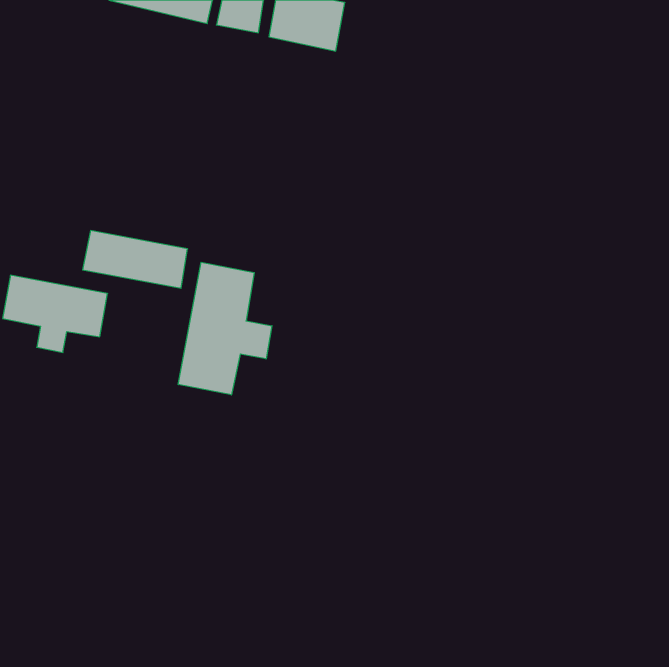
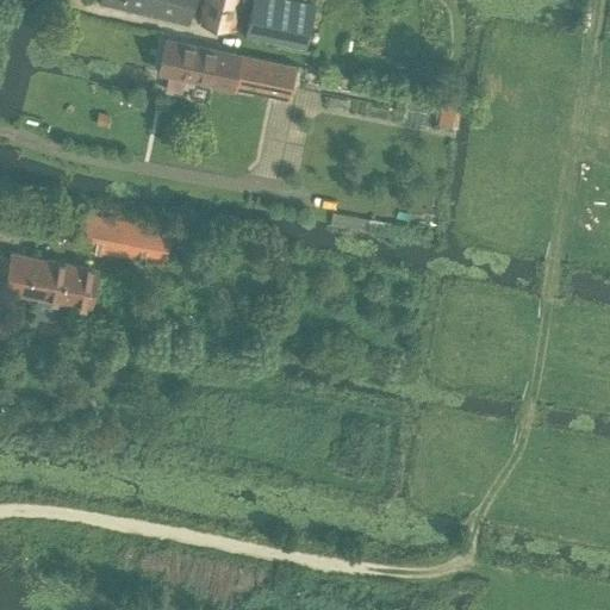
building: none -> [160,39,297,99]
building: [178,262,272,395] -> none

